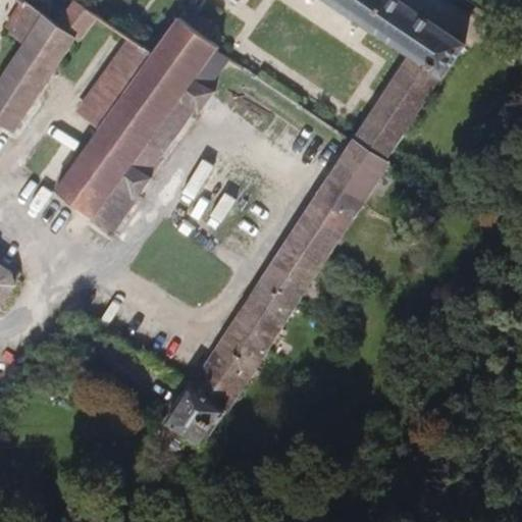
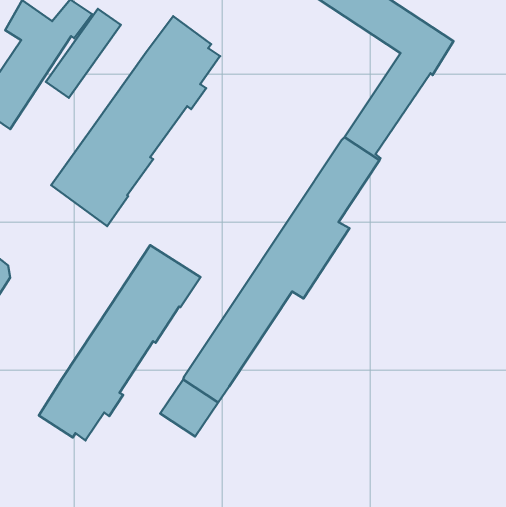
building: [73,39,150,129] -> [46,9,121,98]
building: none -> [39,245,200,440]

